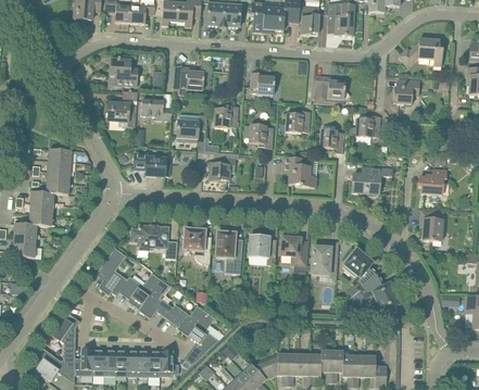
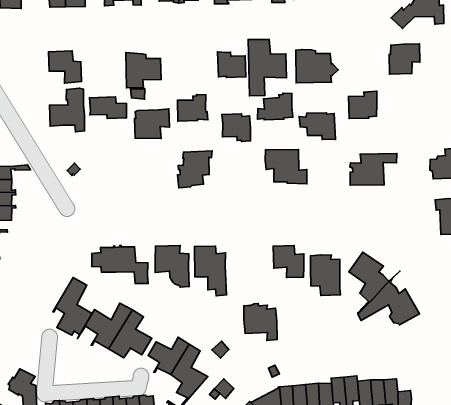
building: none -> [248,39,286,96]
building: [134,151,166,175] -> none
building: [249,232,276,264] -> [244,303,277,341]

